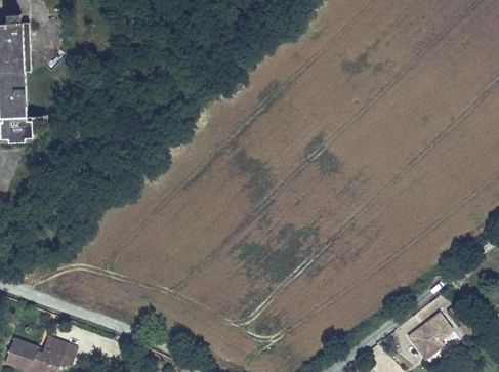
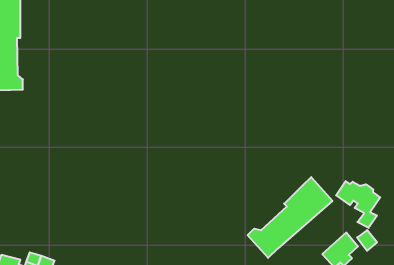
building: none -> [248,177,332,258]
building: none -> [336,181,380,228]

